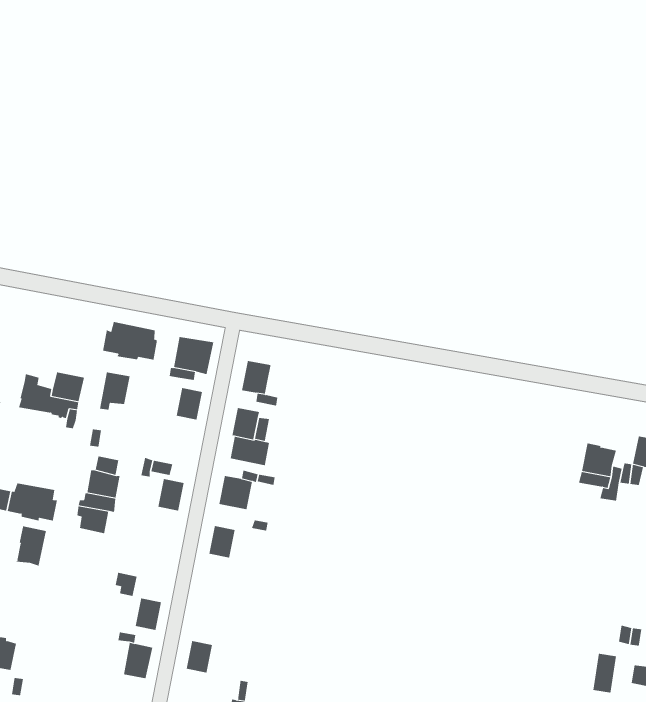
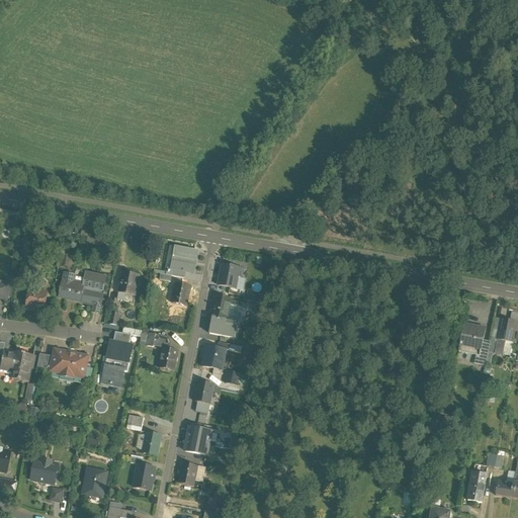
building: [102,321,158,361] -> none
building: [16,526,46,566] -> none
building: none -> [186,426,211,453]
building: none -> [83,467,107,496]

